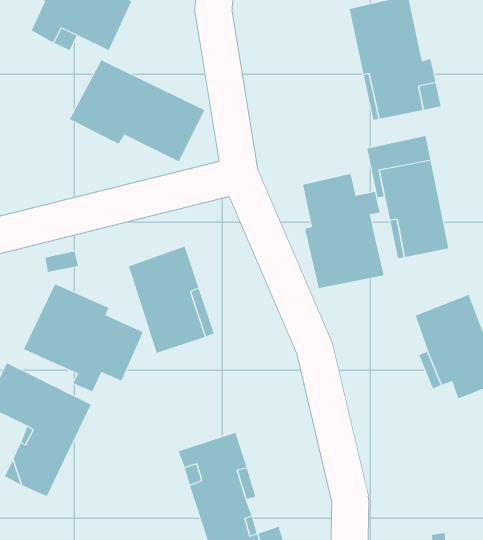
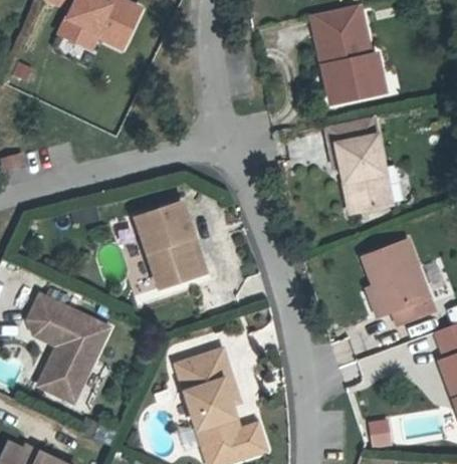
building: [69,59,205,162] -> none
building: [302,173,384,289] -> none
building: [23,283,144,392] -> none

